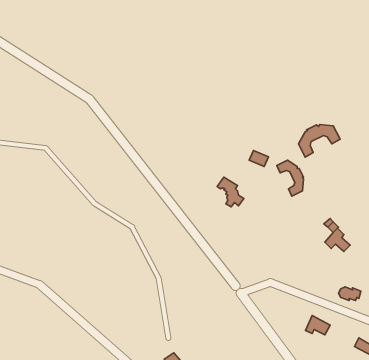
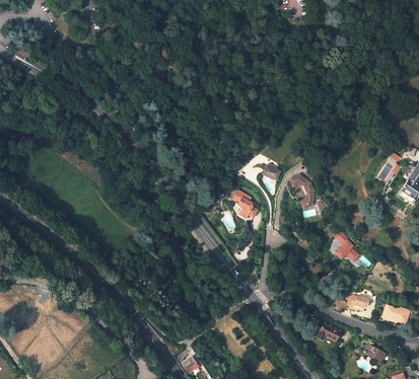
building: [298,124,340,157] -> none

